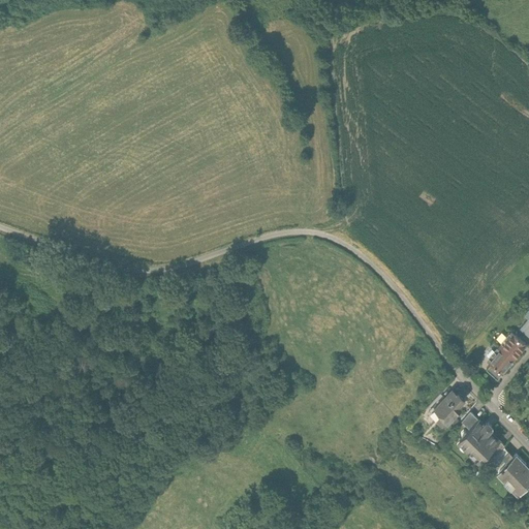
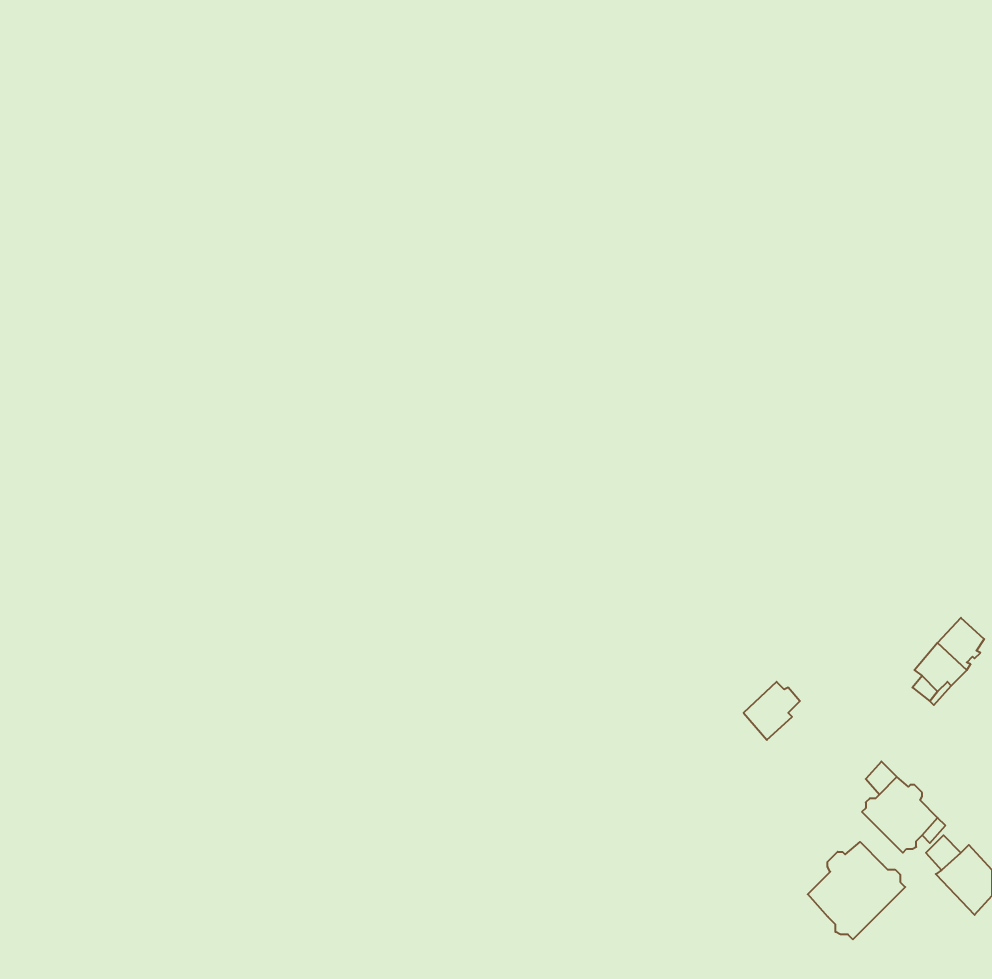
building: [434,391,464,422] -> [744,682,800,740]
building: none -> [808,842,905,939]

